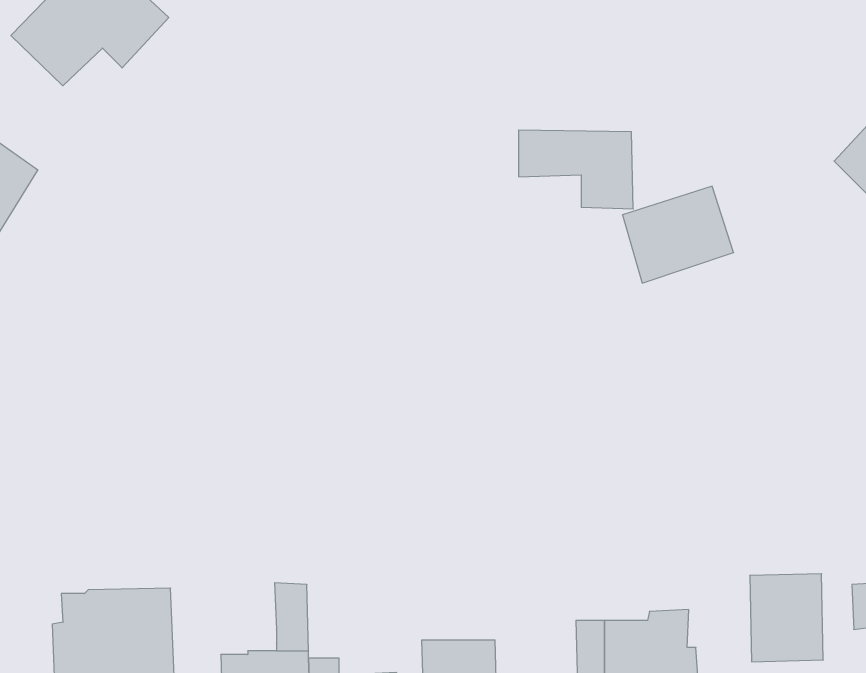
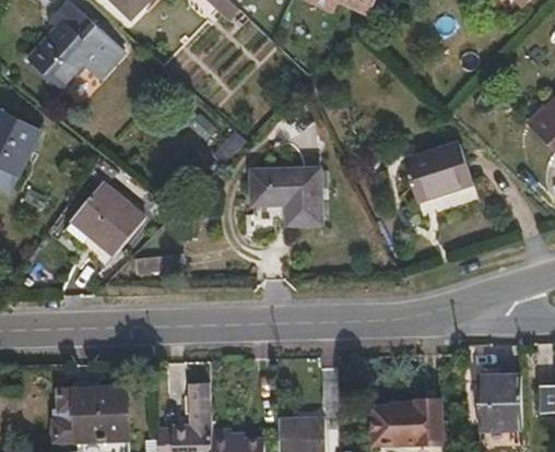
building: [519,130,633,209] -> [250,169,320,217]
building: none -> [74,185,150,257]

